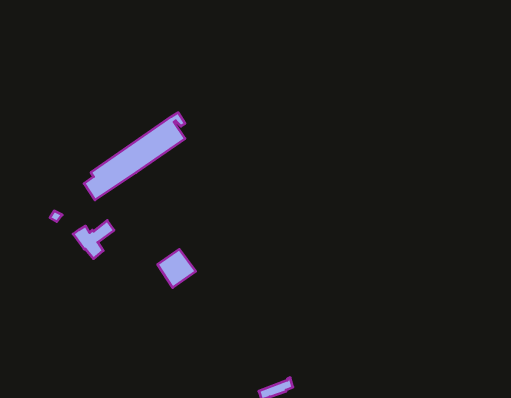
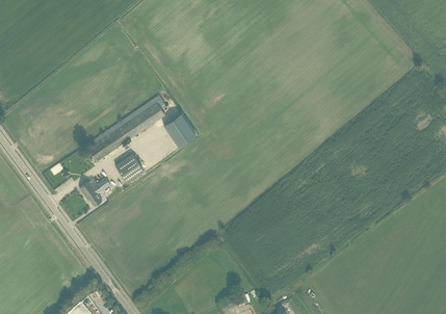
building: none -> [163,111,195,145]
building: [158,249,196,288] -> [115,152,145,181]

